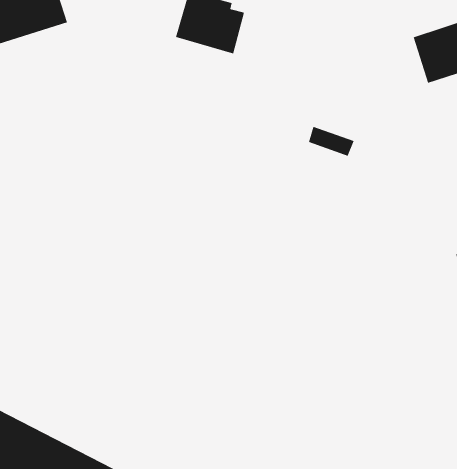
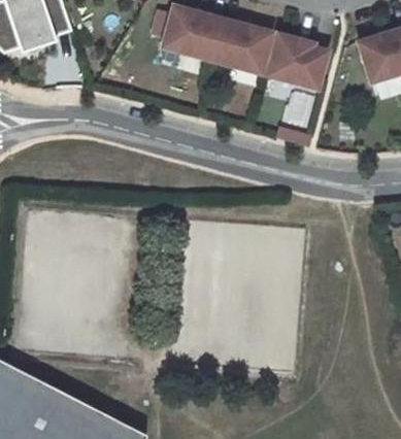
building: none -> [210,26,271,76]
building: none -> [267,38,326,92]

